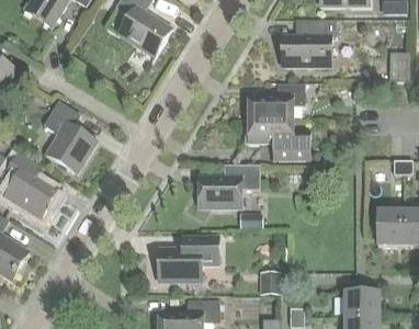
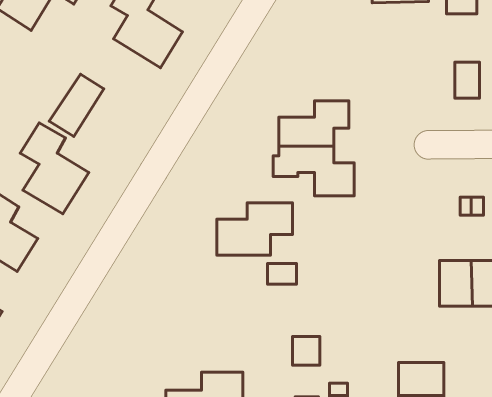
building: [284,19,335,65] -> none
building: none -> [49,74,104,137]
building: [158,236,218,279] -> none

